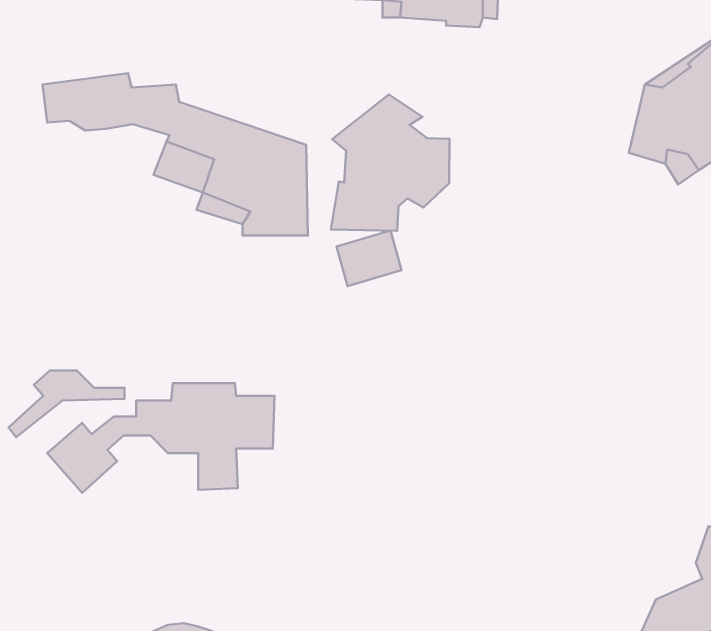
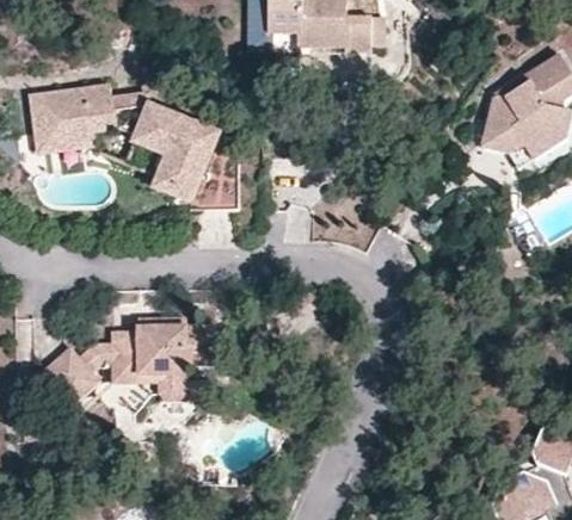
building: none -> [26,94,90,150]
building: [331,94,450,231] -> none
building: [8,370,124,437] -> [70,358,158,408]

